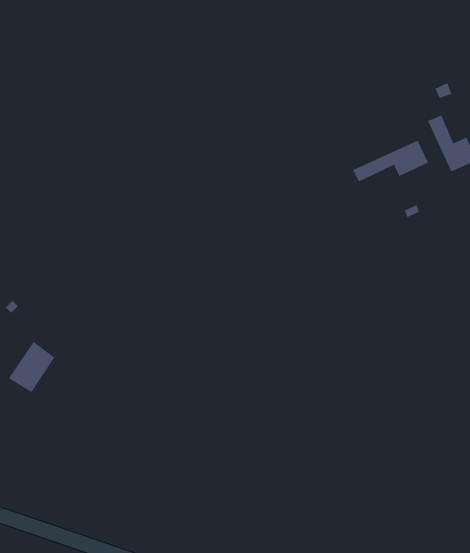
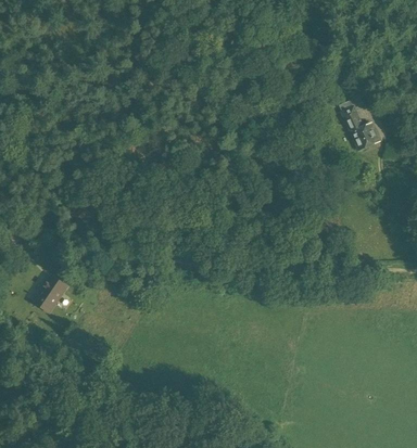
building: [352,140,429,182] -> none

